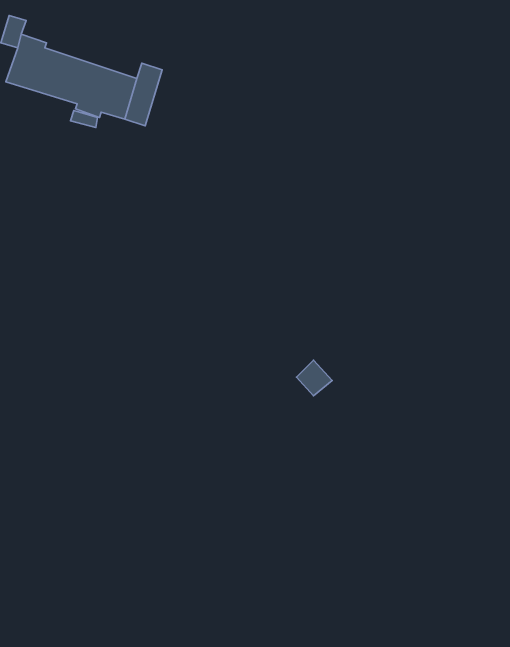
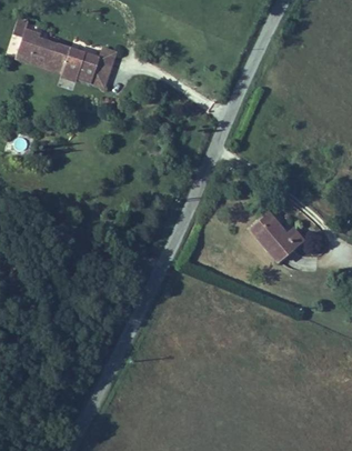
building: none -> [251,213,305,262]

